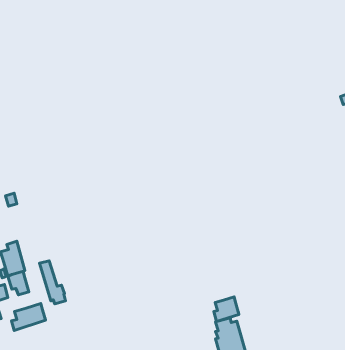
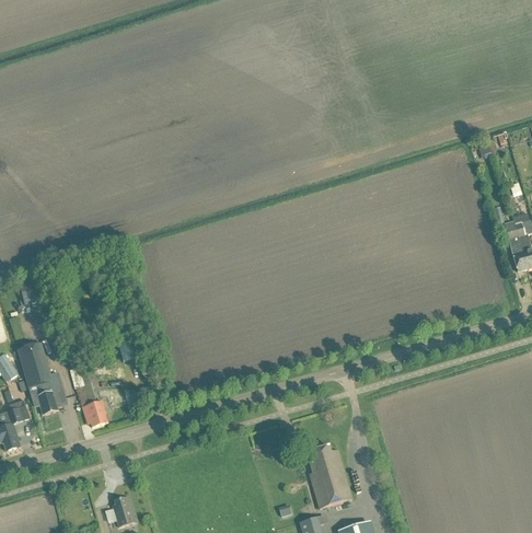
building: [214,297,239,322] -> none
building: [12,303,45,331] -> none

